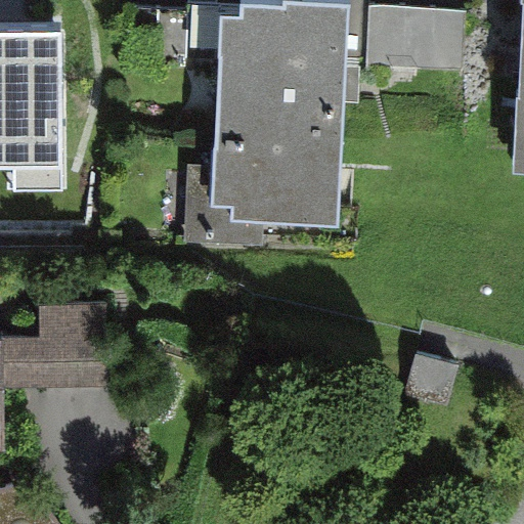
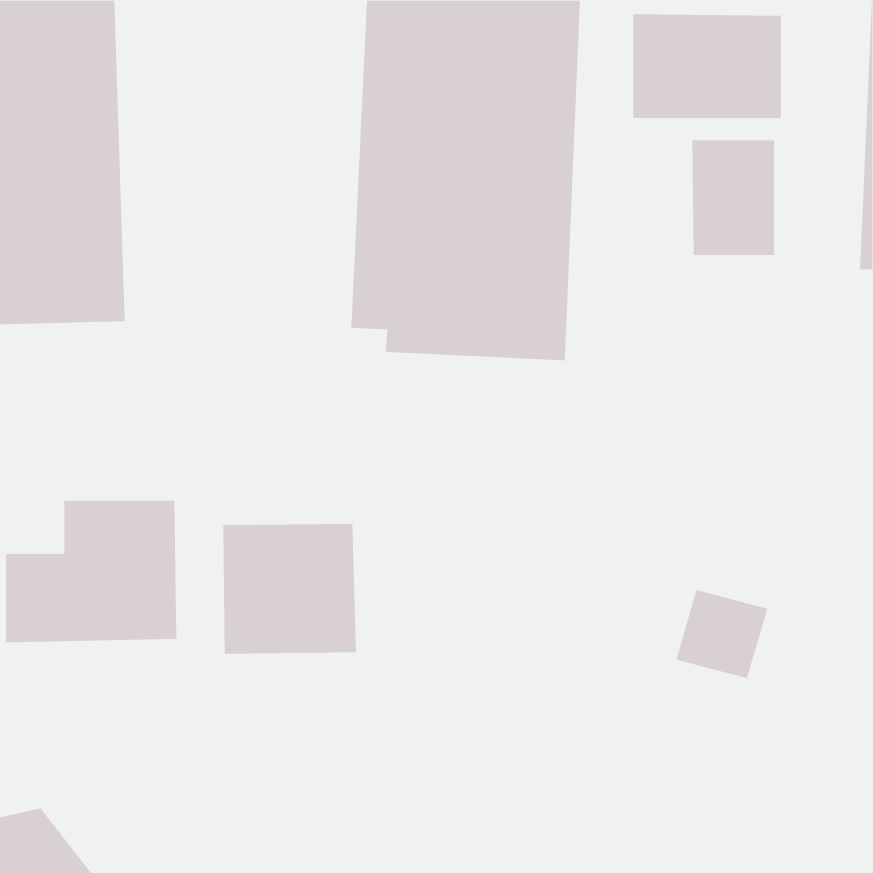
building: none -> [692,140,774,256]
building: none -> [223,523,357,654]

